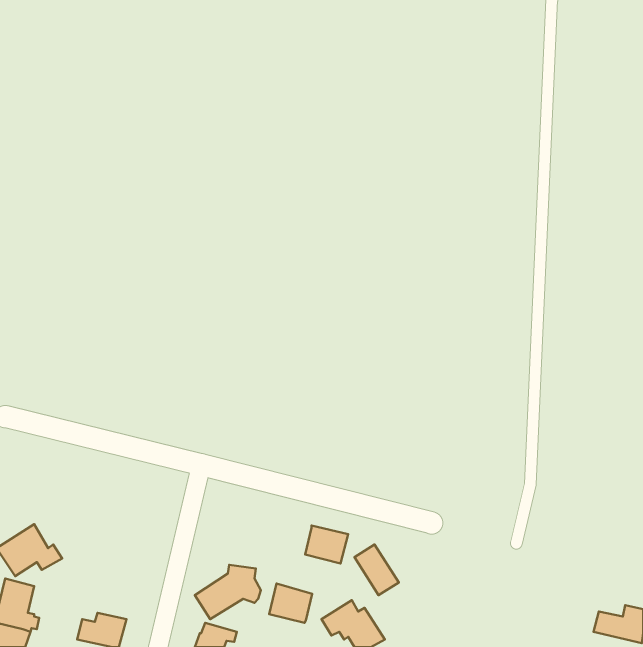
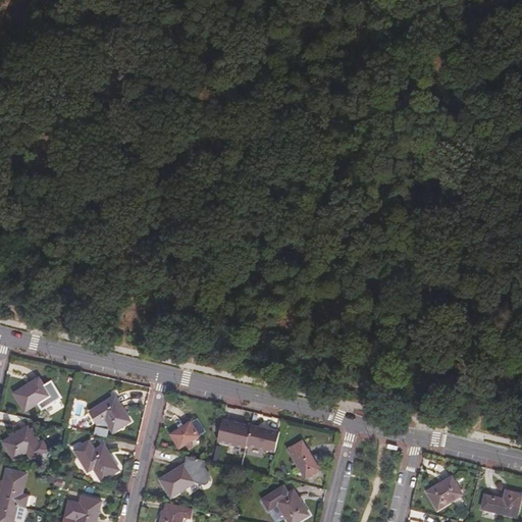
building: none -> [11,376,62,413]
building: none -> [86,394,133,433]
building: none -> [167,417,205,450]
building: none -> [71,438,121,483]
building: [269,584,312,623] -> [216,417,251,449]
building: none -> [423,473,464,511]

